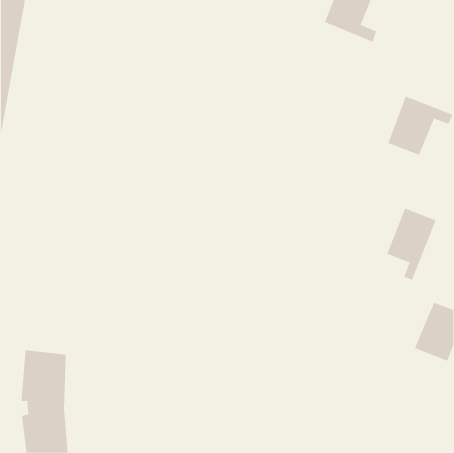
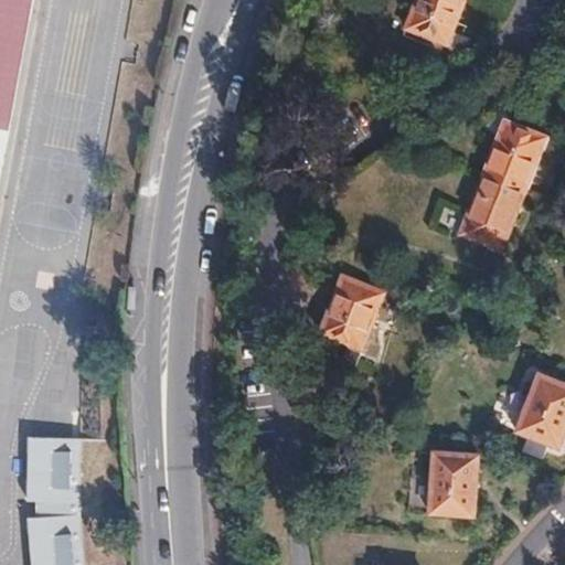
building: [387,208,436,281] -> [459,178,521,268]
building: none -> [318,276,382,366]
building: none -> [428,454,477,516]

